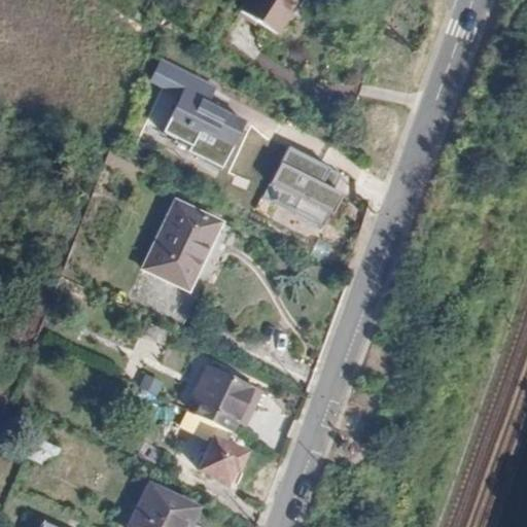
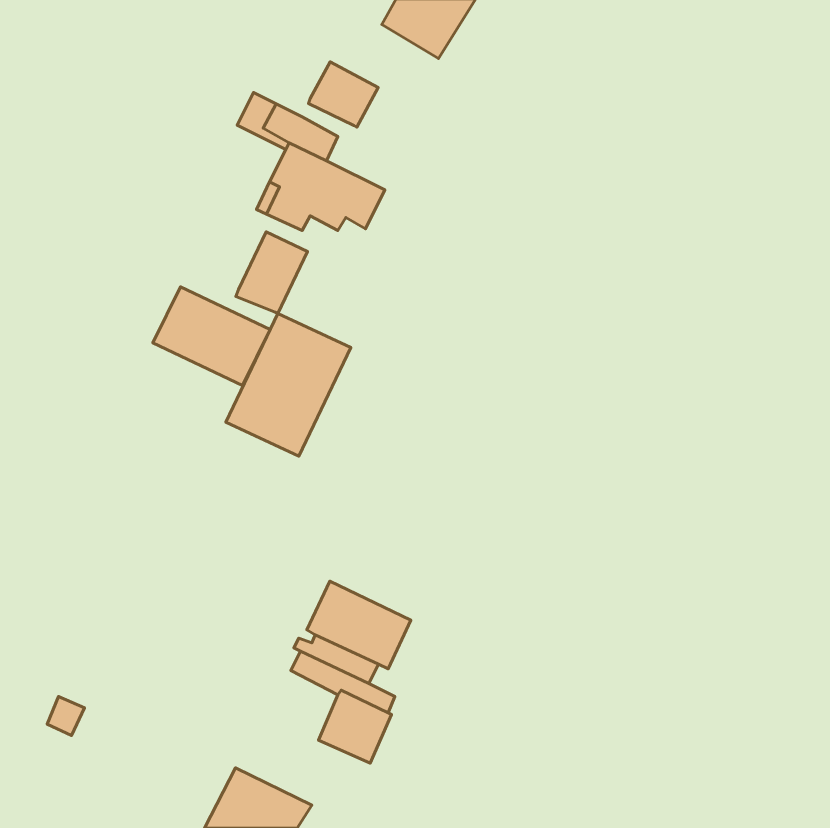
building: none -> [309,62,378,127]
building: none -> [236,232,308,313]
building: [261,147,340,226] -> none
building: none -> [153,287,270,385]

